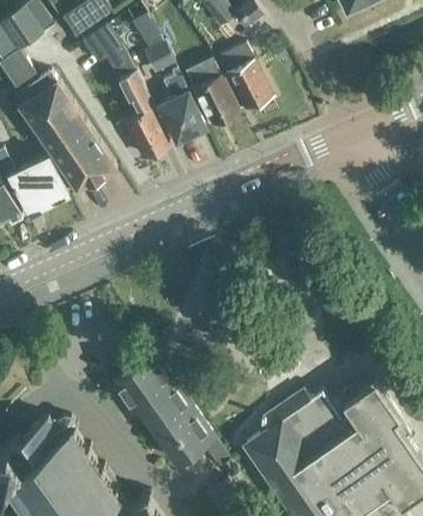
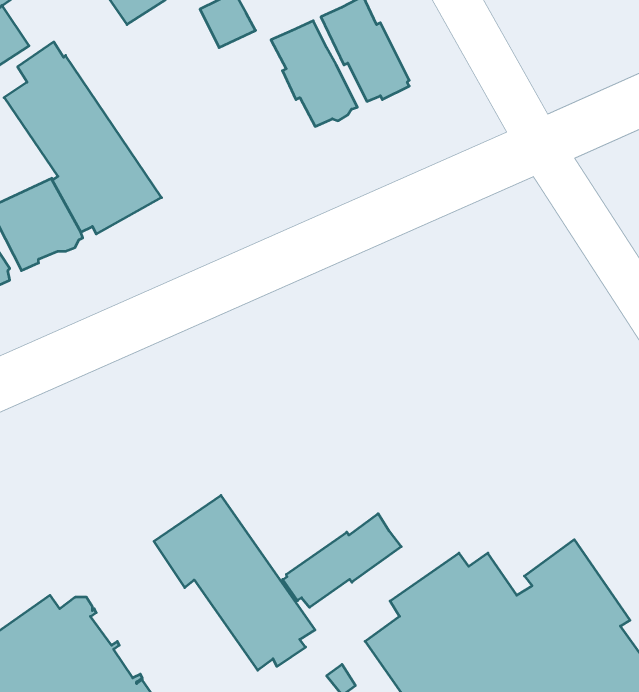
building: [159,69,206,145] -> none
building: [119,72,170,159] -> none
building: none -> [283,514,401,607]

